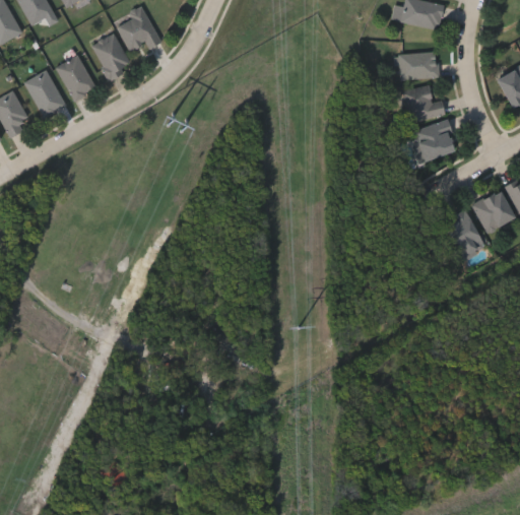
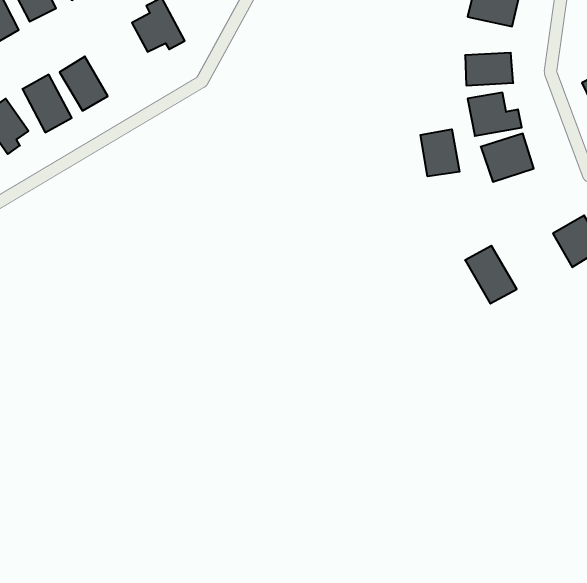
building: [90,34,132,79] -> none
building: none -> [420,129,460,176]
building: [442,209,485,258] -> [465,246,517,304]

